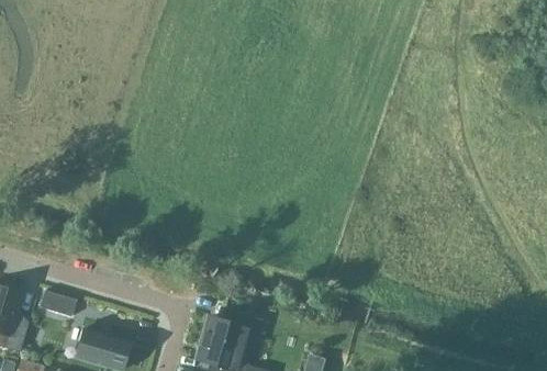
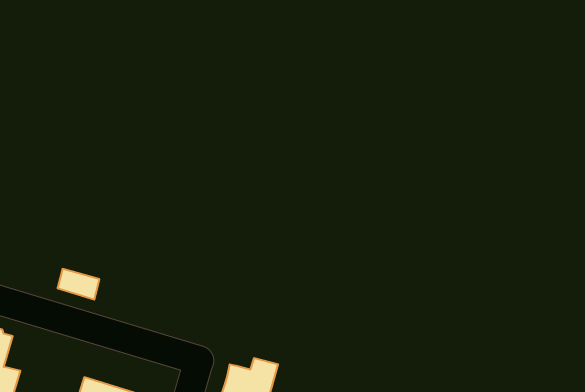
building: [40,291,76,317] -> [57,269,99,300]

